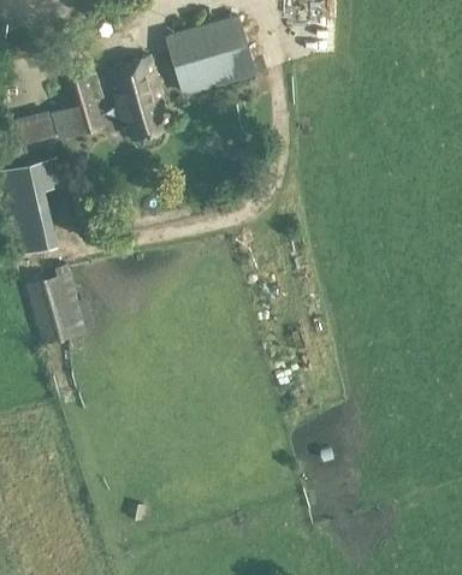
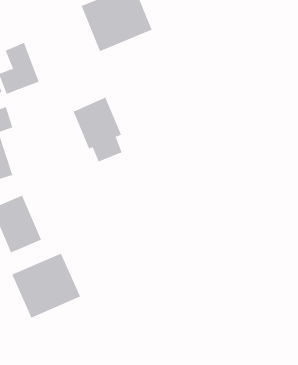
building: [107,57,167,140] -> [73,97,123,162]
building: none -> [12,253,81,318]

